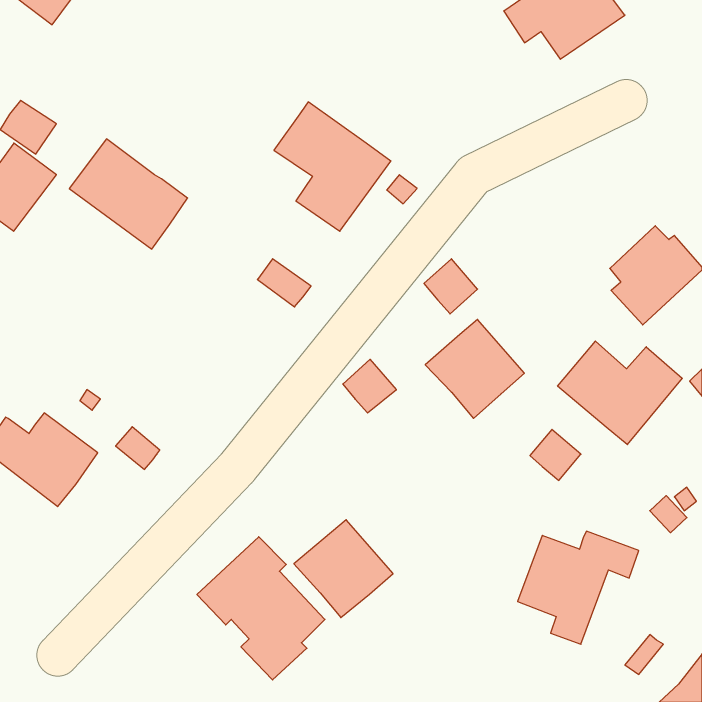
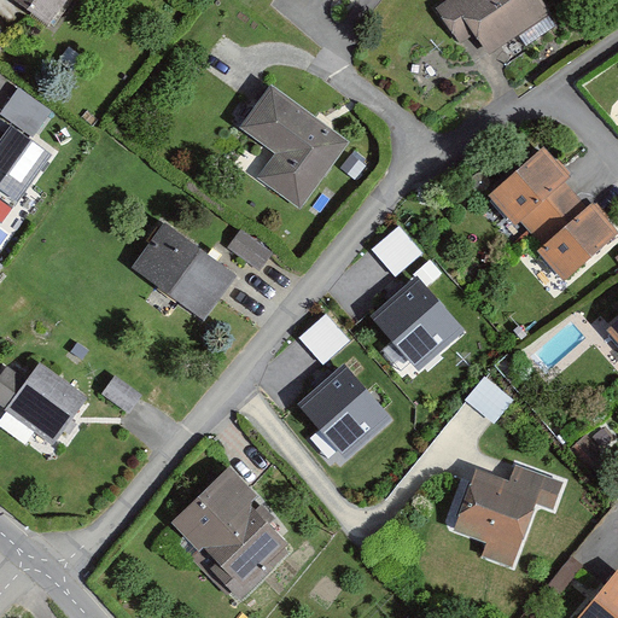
building: [69,139,188,249] -> [130,222,234,319]
building: none -> [491,152,575,235]
building: [558,341,682,445] -> none
building: [294,520,393,618] -> [299,368,386,454]

